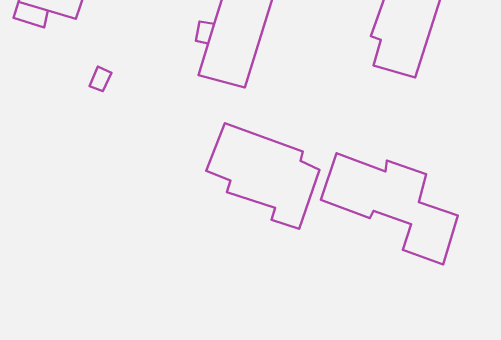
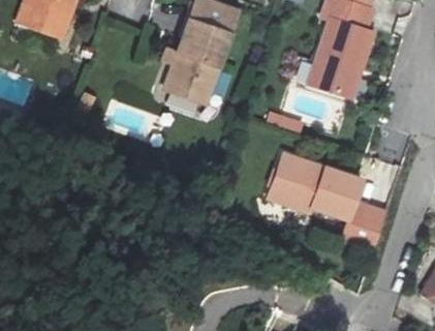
building: [206,123,320,229] -> none

